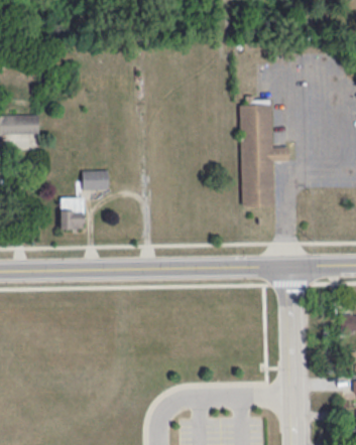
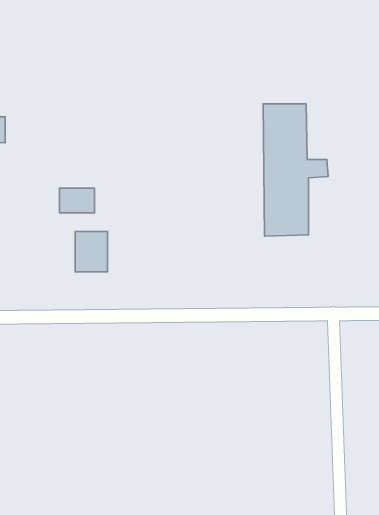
building: [61,198,86,230] -> [75,232,107,272]

